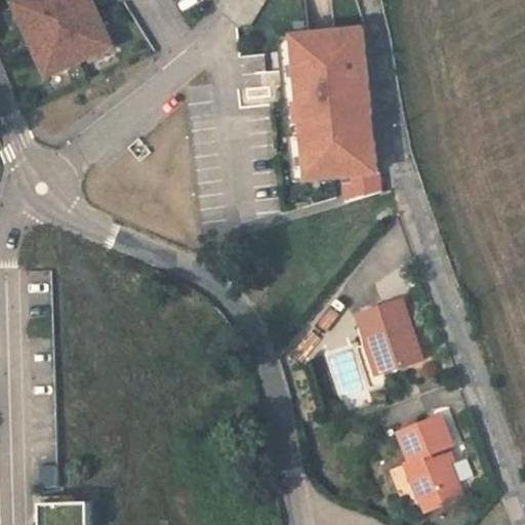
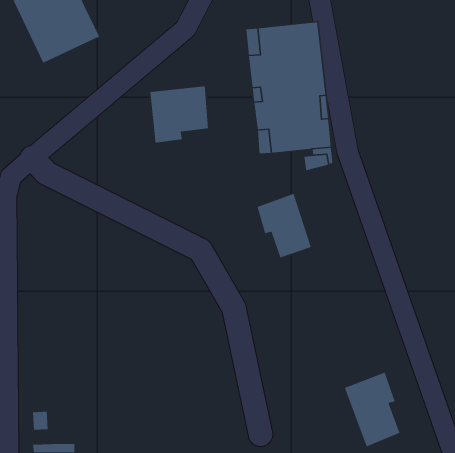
building: none -> [150,85,209,144]
building: [355,304,418,378] -> [256,193,312,258]

